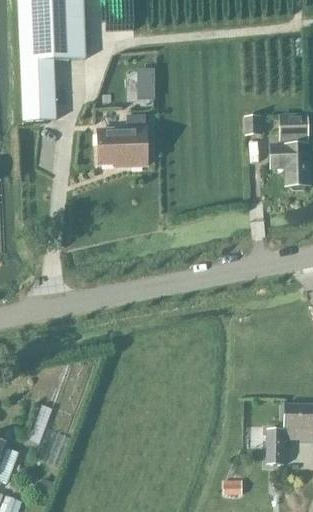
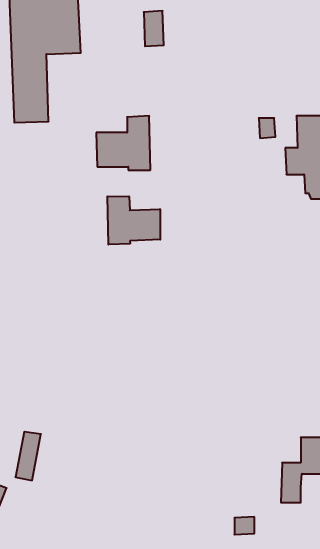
building: [137,67,155,99] -> [144,11,164,46]
building: none -> [107,196,160,245]

